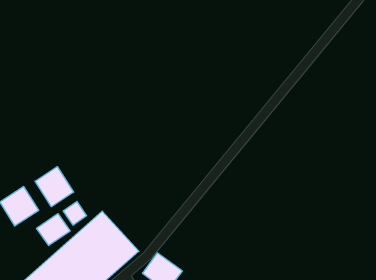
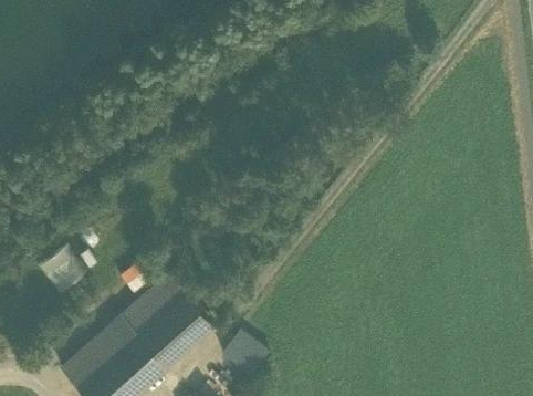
building: [35,167,74,207] -> none
building: [37,214,70,246] -> none

